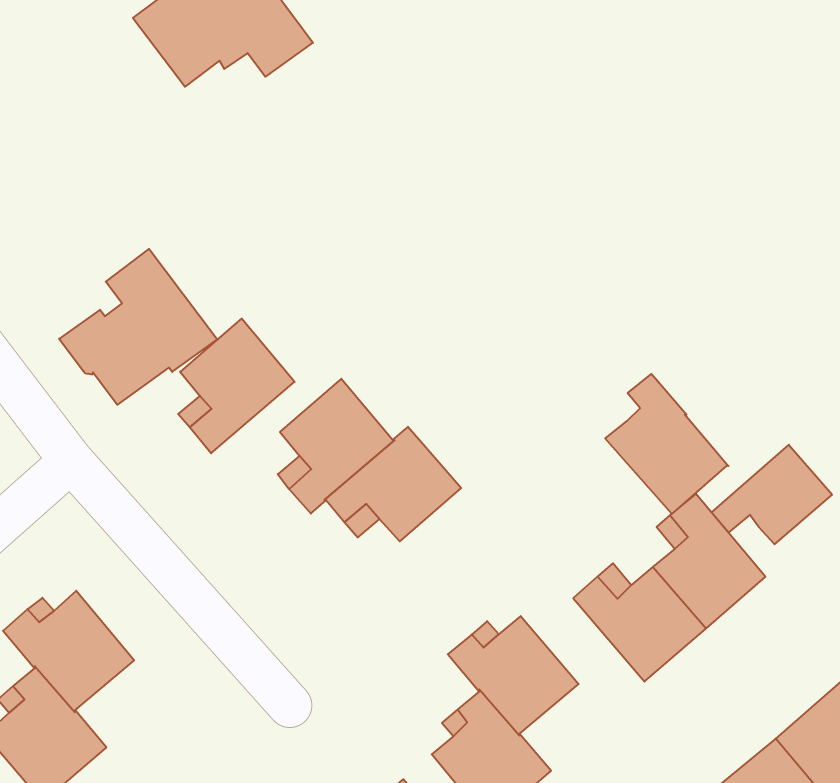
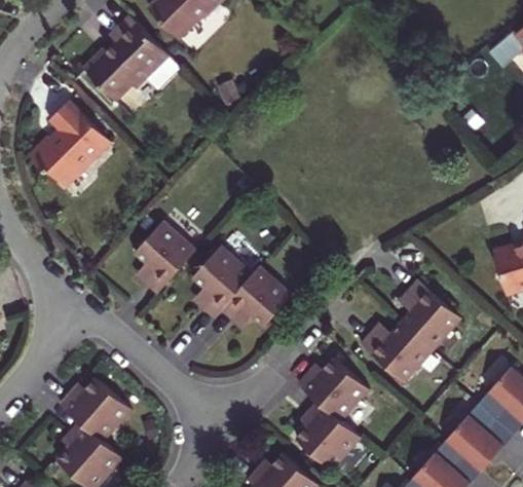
building: [59,249,217,405] -> [27,101,111,186]
building: [605,374,729,514] -> none
building: [711,445,832,544] -> none

